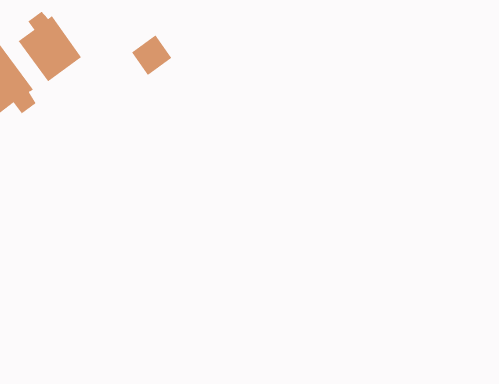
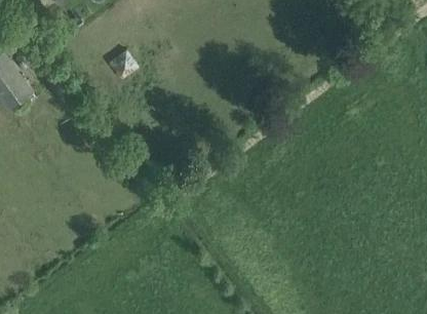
building: [18,11,82,82] -> none

